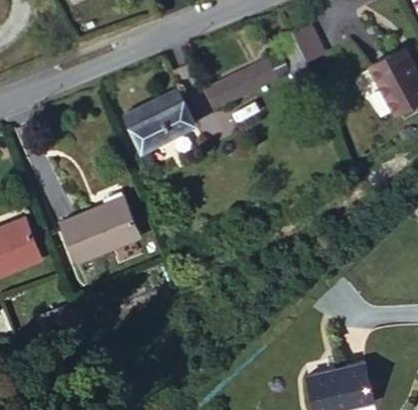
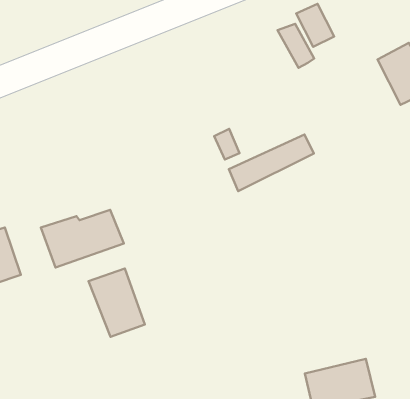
building: [207,54,289,109] -> [229,135,314,191]
building: [128,91,196,151] -> none
building: none -> [88,269,145,337]

